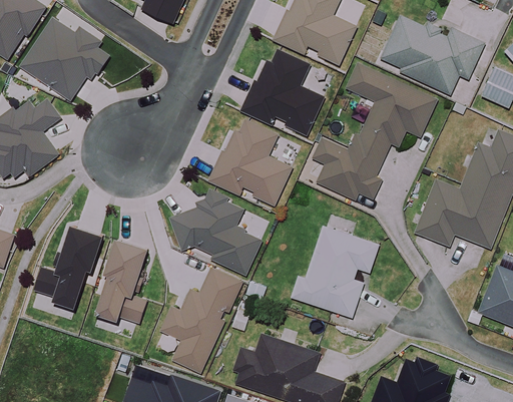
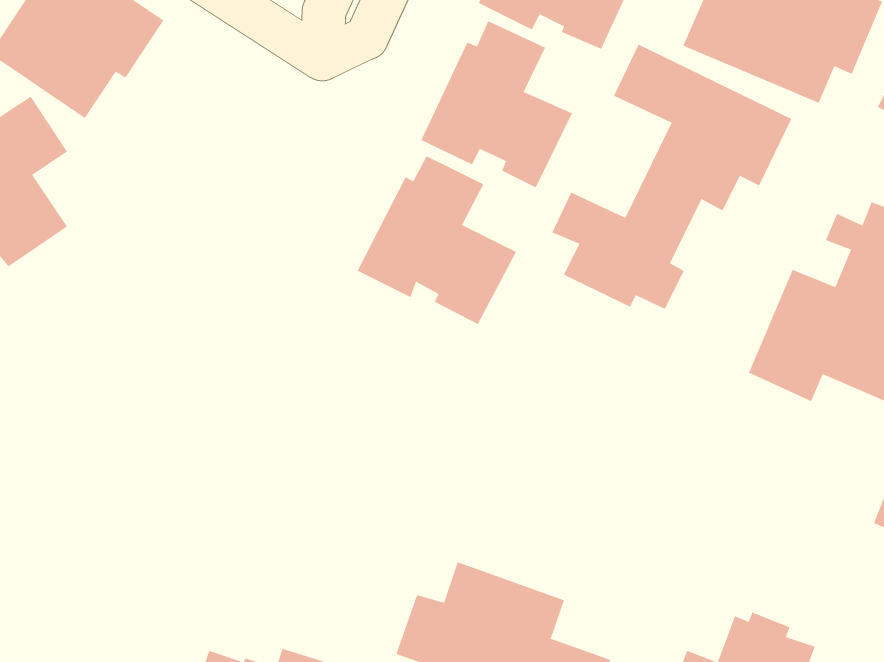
building: [171,190,262,277] -> none
building: [290,225,378,316] -> none
building: [34,226,101,310] -> none
building: [98,240,150,325] -> none
building: [157,267,241,372] -> none

